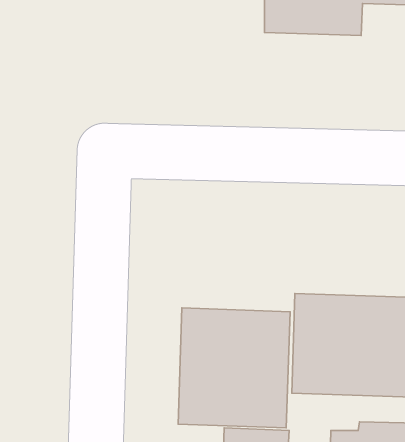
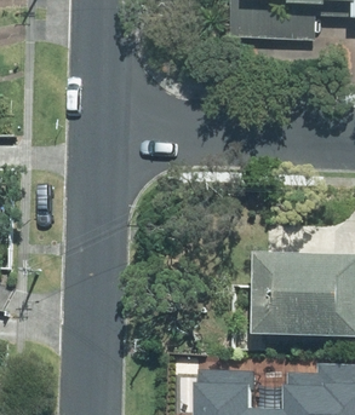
building: [178,308,290,428] -> none

